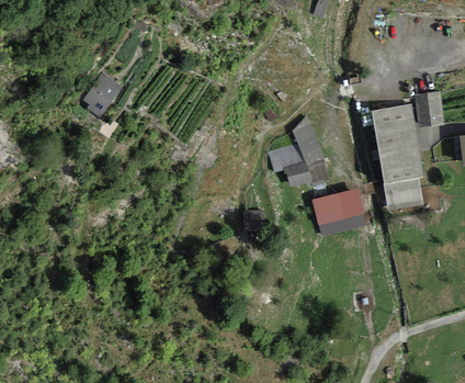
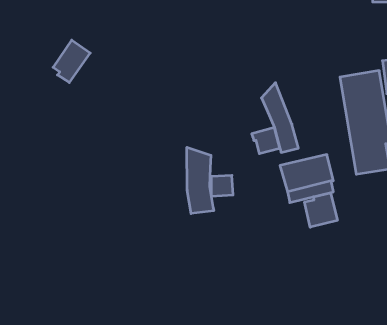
building: [268,143,305,172] -> none
building: none -> [187,147,214,214]
building: none -> [305,193,337,227]

